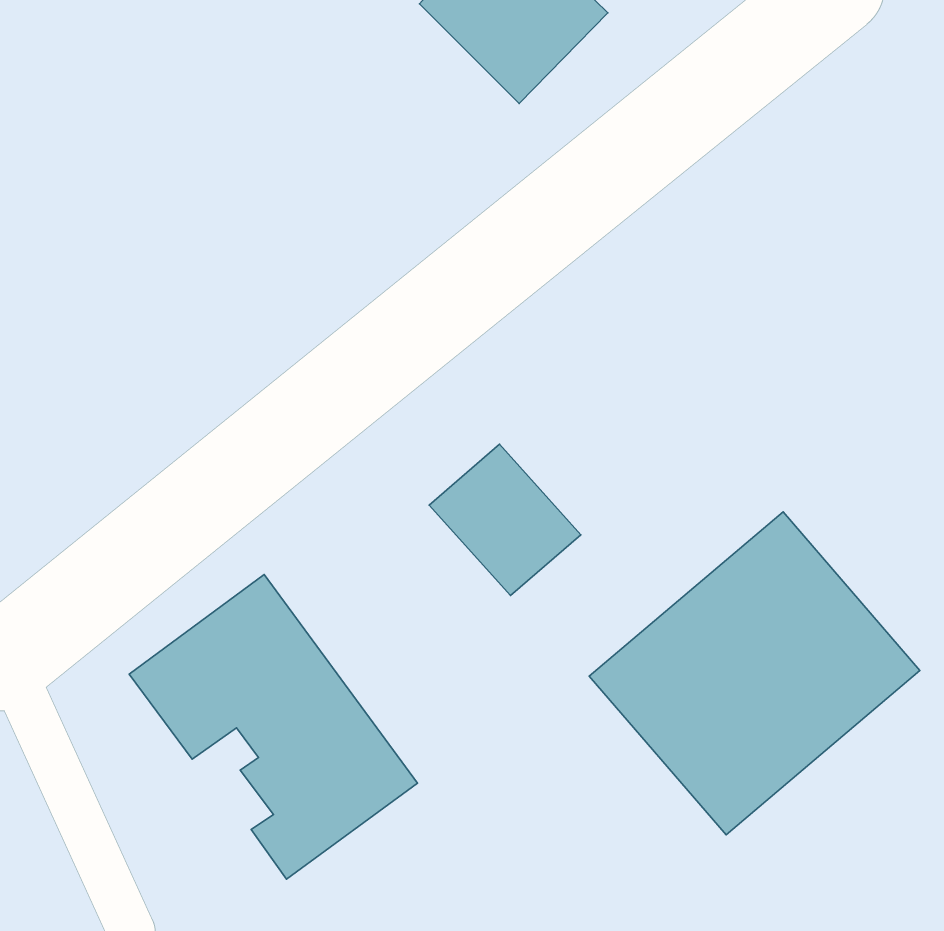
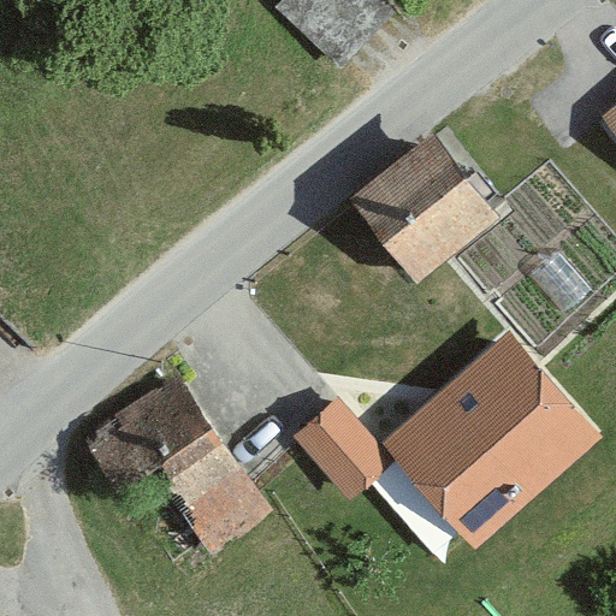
building: none -> [351,132,493,272]
building: [429,444,581,596] -> [290,397,389,496]

